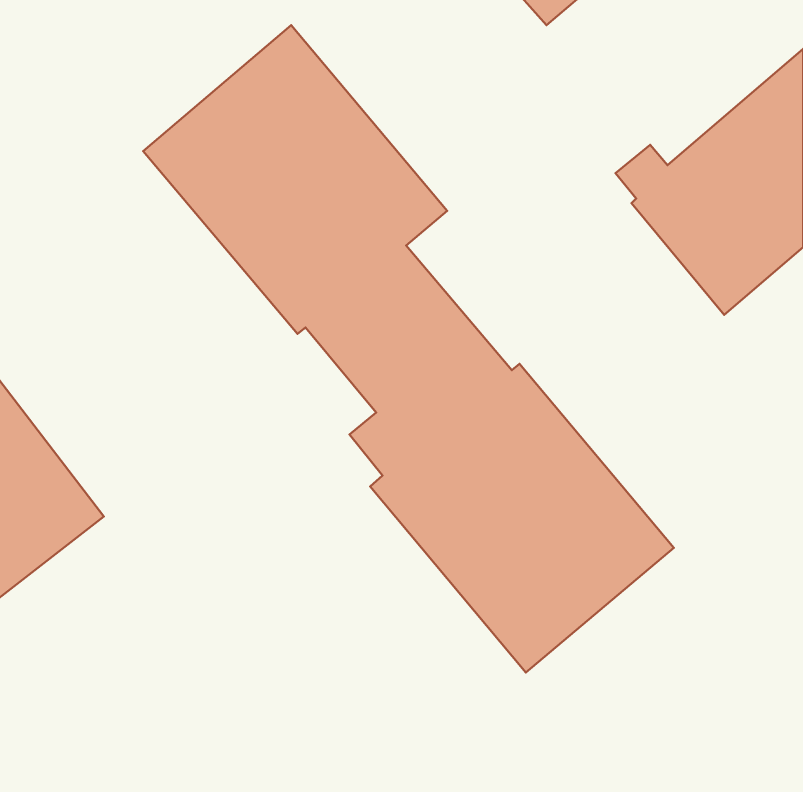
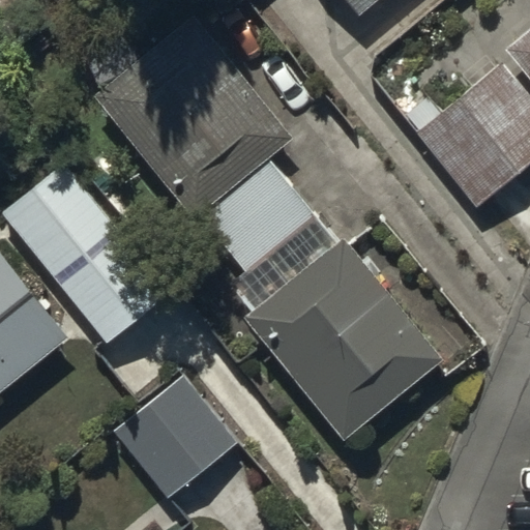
building: none -> [4,163,175,345]
building: none -> [116,373,237,495]

